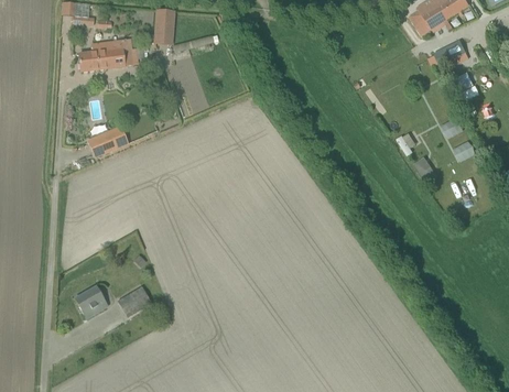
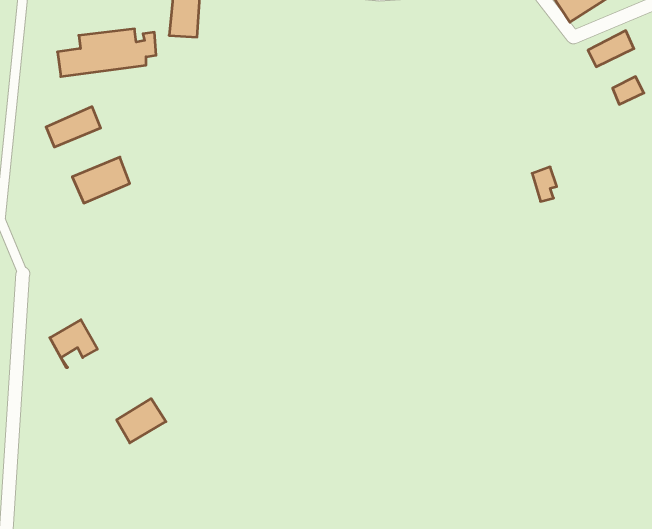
building: none -> [46,107,101,147]
building: [75,286,107,318] -> [50,320,97,367]

